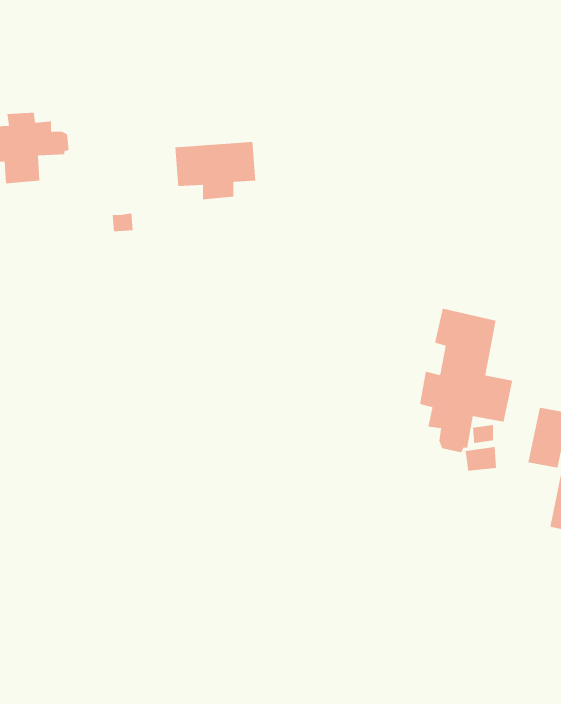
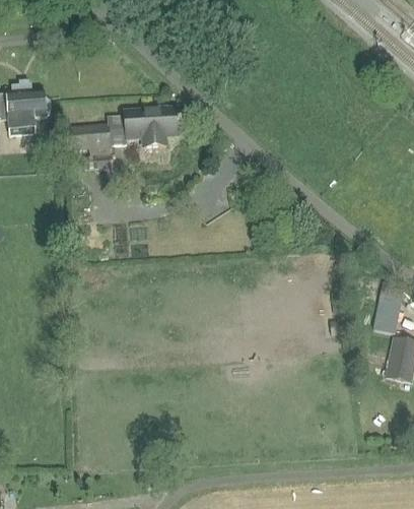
building: none -> [67,114,126,148]
building: [419,308,513,453] -> none

